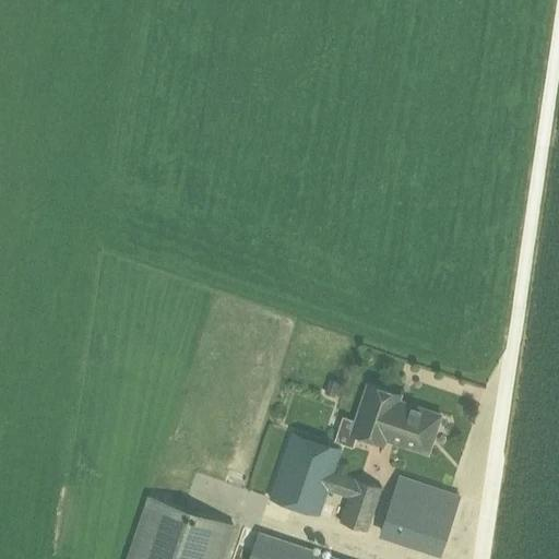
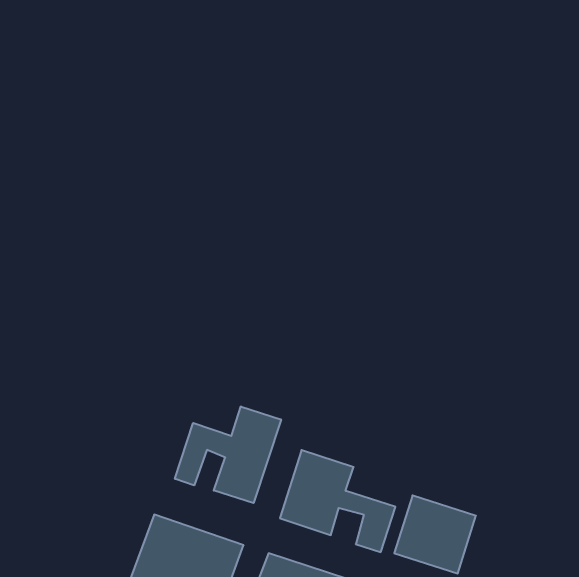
building: [352,386,440,454] -> none
building: none -> [175,406,281,503]

